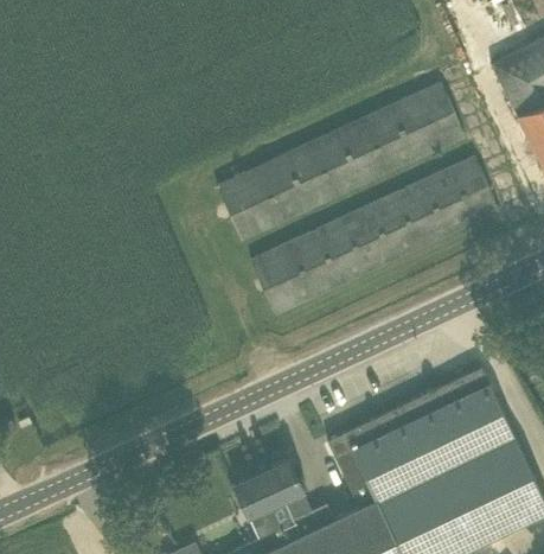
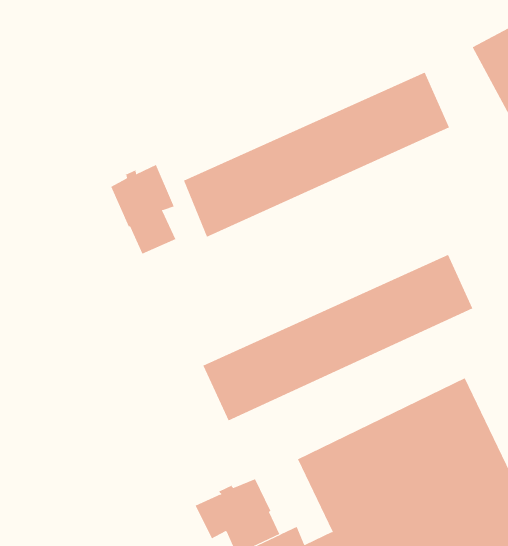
building: [250,159,498,312] -> [202,254,473,421]
building: none -> [110,164,176,255]

